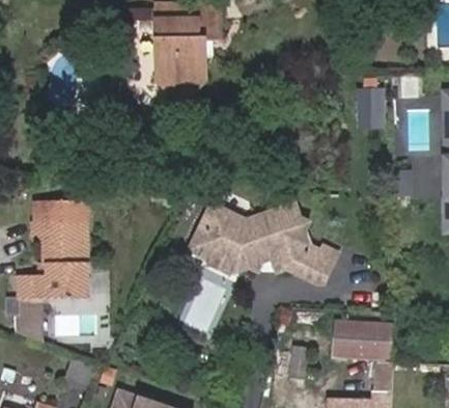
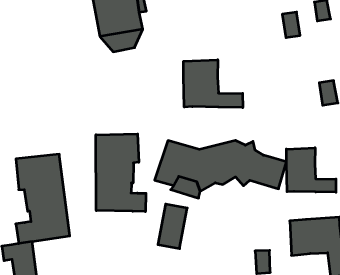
building: none -> [183,60,243,108]
building: none -> [96,134,146,212]
building: none -> [286,148,336,192]

